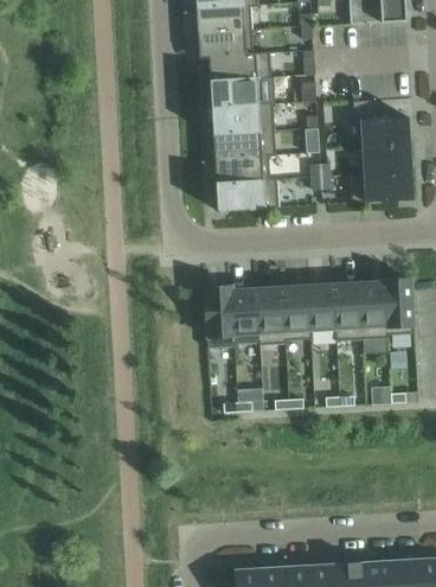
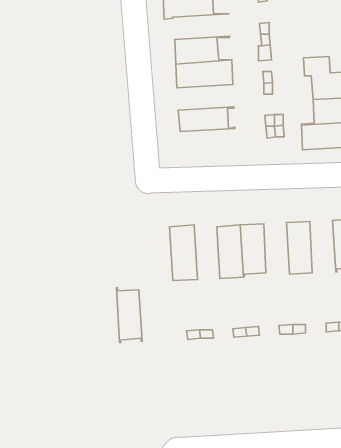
building: [207,52,270,81] -> none
building: [212,130,275,159] -> none
building: [216,179,278,211] -> none
building: [359,281,387,339] -> none
building: [308,283,336,340] -> none
building: [231,286,259,346] -> [116,288,142,342]

